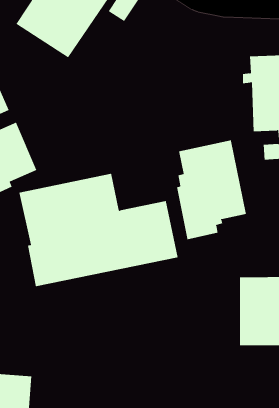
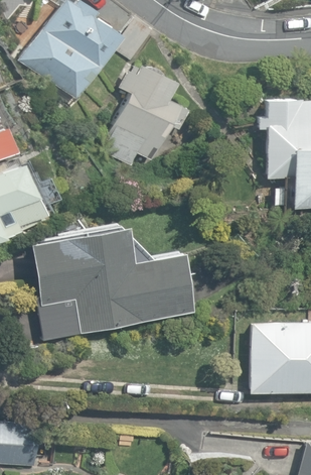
building: none -> [107,68,193,168]
building: [177,140,247,240] -> none

